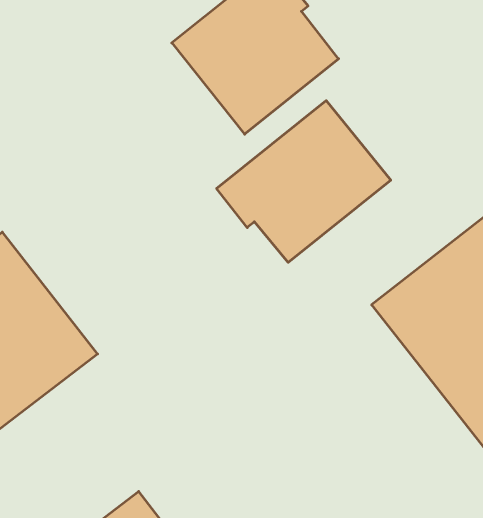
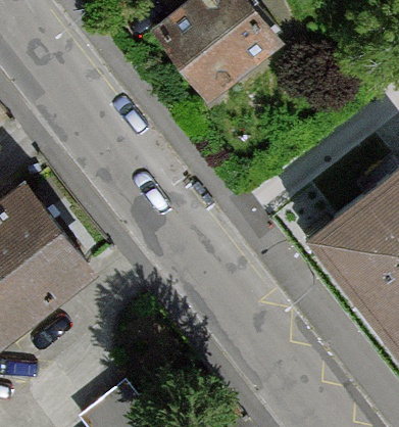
building: [217,101,391,262] -> none

